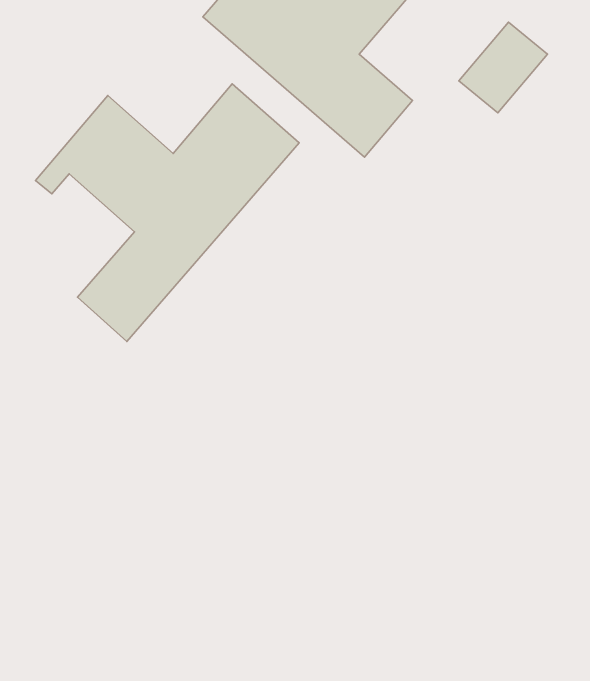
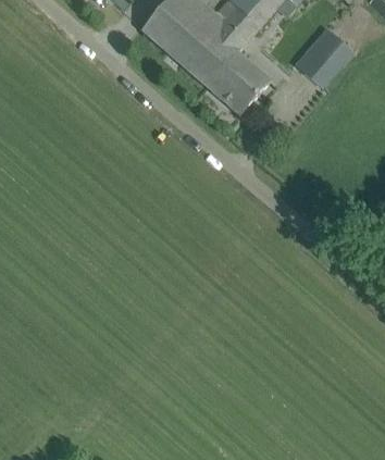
building: [36,84,299,342] -> none

